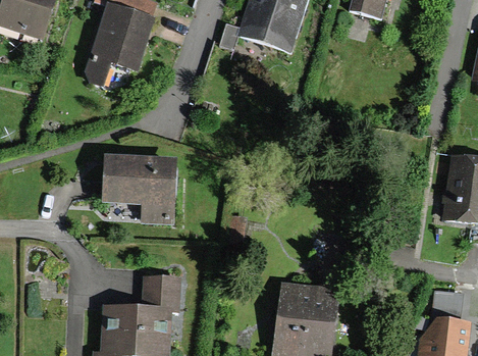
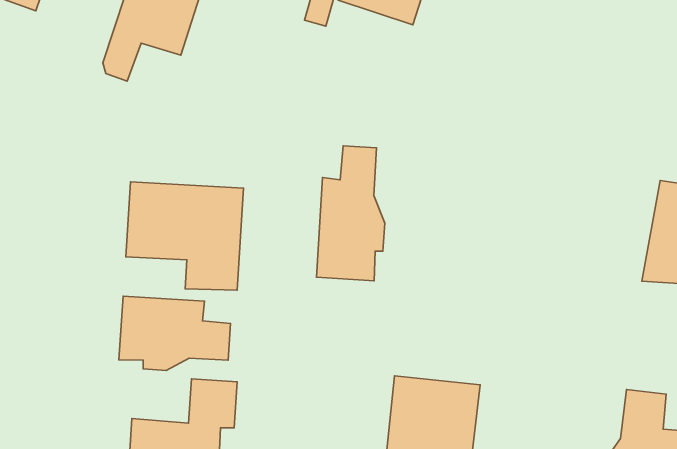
building: none -> [317,146,385,281]
building: none -> [119,296,230,371]

